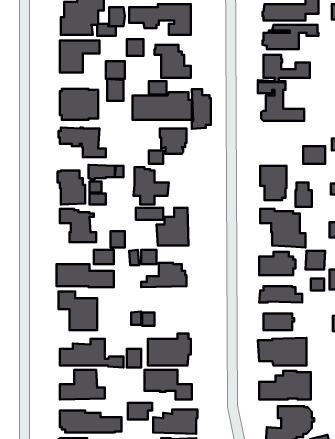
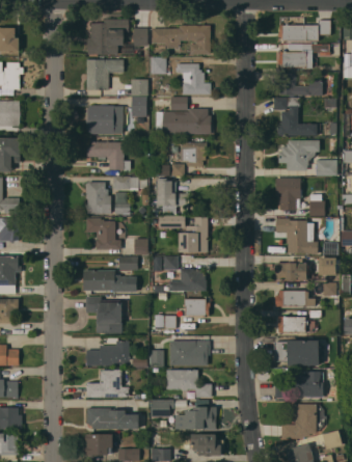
building: [192,89,211,129] -> none
building: none -> [277,139,319,170]
building: none -> [184,299,210,316]

